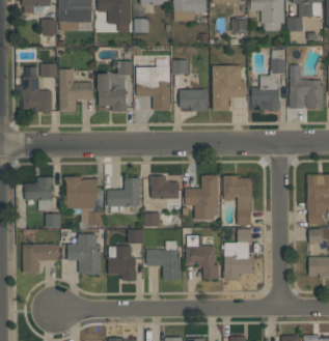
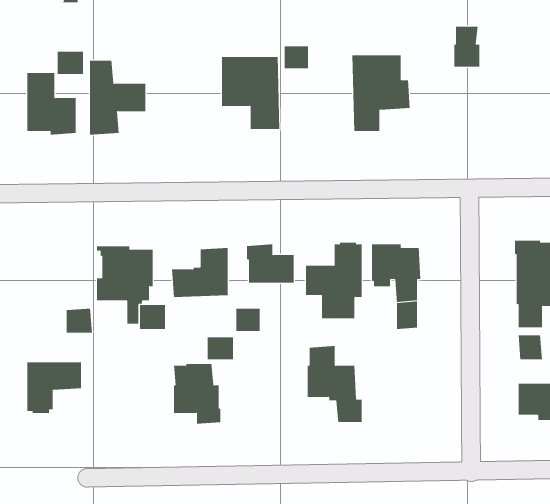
building: [98,61,132,112] -> none
building: [289,65,323,108] -> none
building: [250,69,280,110] -> none
building: [179,88,208,111] -> none
building: [25,176,54,210] -> none
building: [223,228,252,279] -> none
building: [67,233,101,274] -> none
building: [146,248,181,279] -> none

